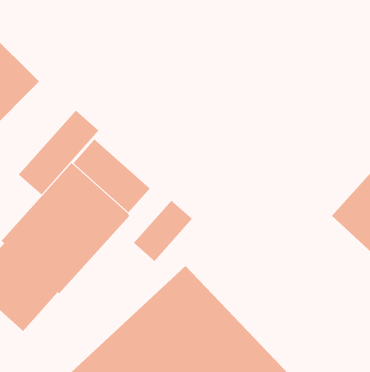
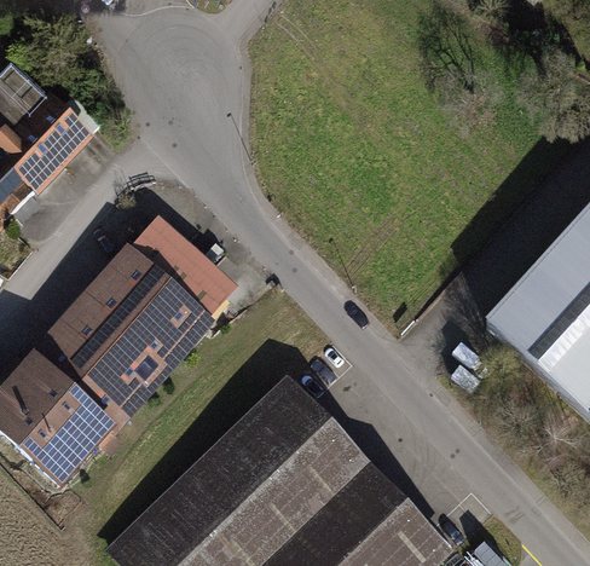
building: [18,110,99,196] -> none
building: [133,200,193,262] -> none

